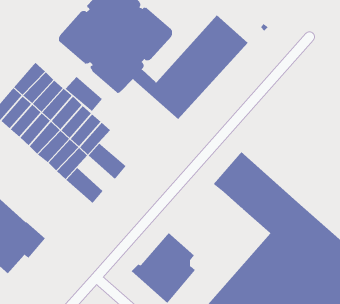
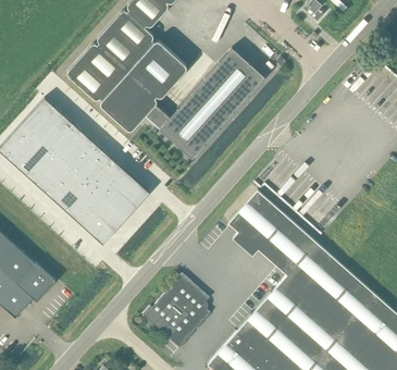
building: [65,76,103,112] -> [110,169,149,206]
building: none -> [87,195,126,232]

